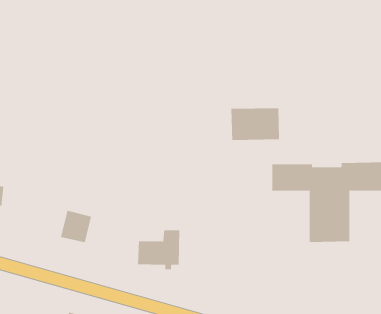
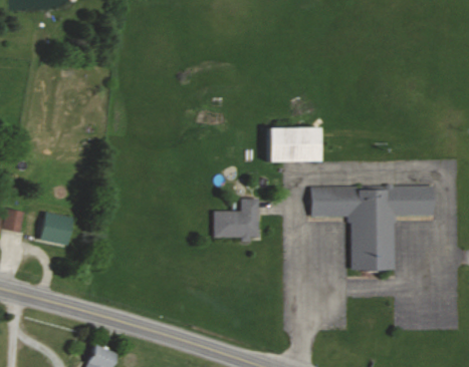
building: [60,210,92,243] -> [39,211,73,246]
building: [137,230,180,270] -> [213,199,259,242]

